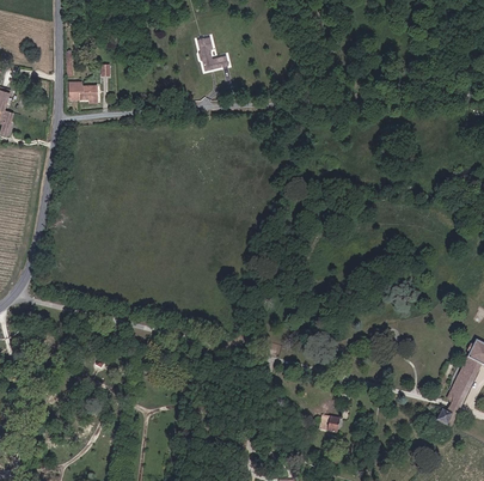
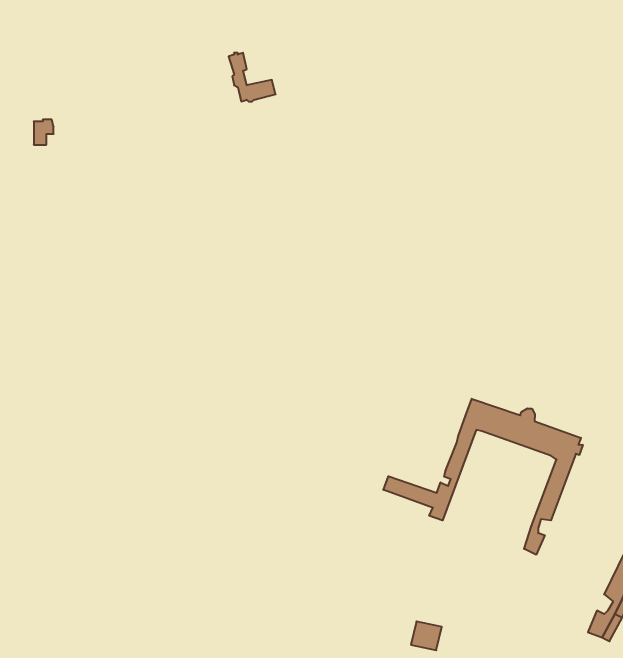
building: none -> [383,399,583,555]

